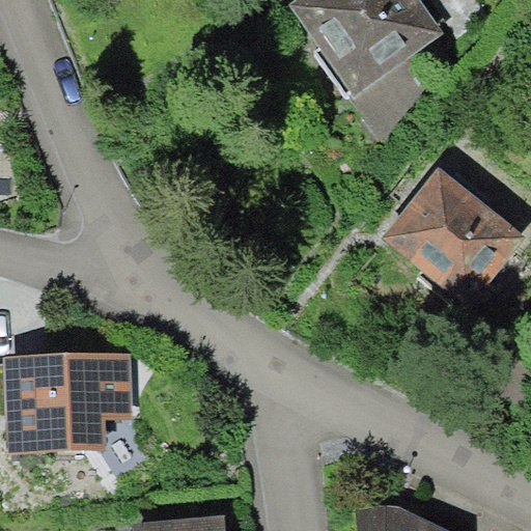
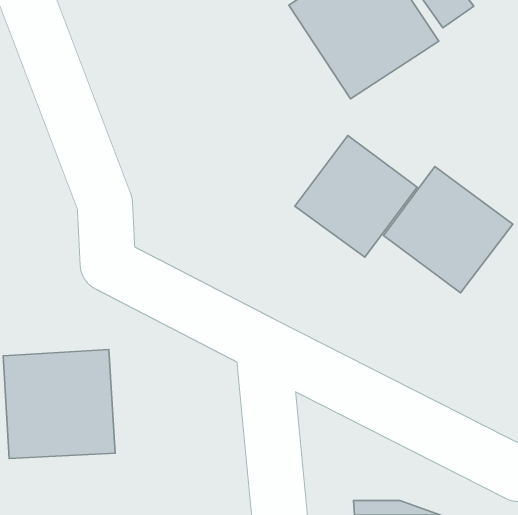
building: none -> [295,135,417,257]

